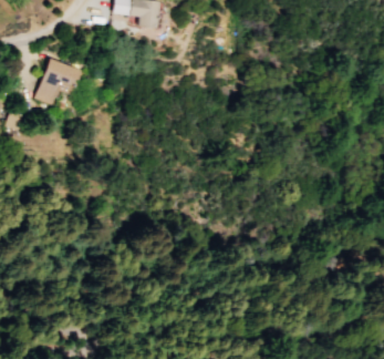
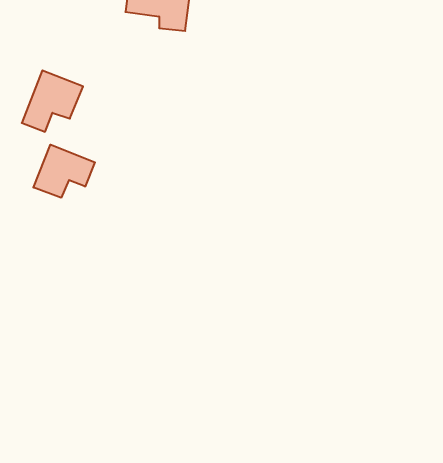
building: none -> [33,145,95,198]

